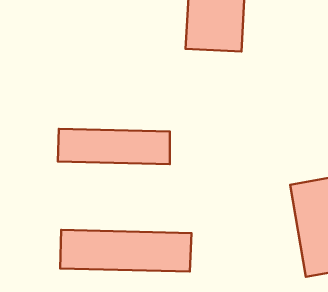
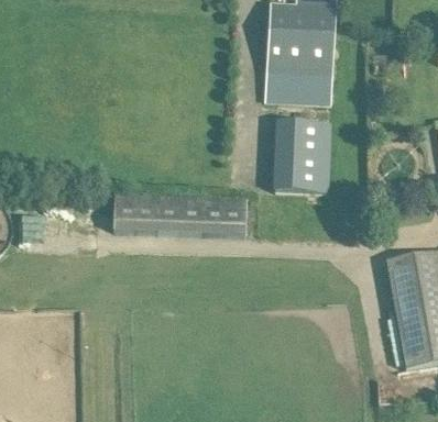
building: none -> [273,119,332,191]
building: [60,230,192,272] -> none

